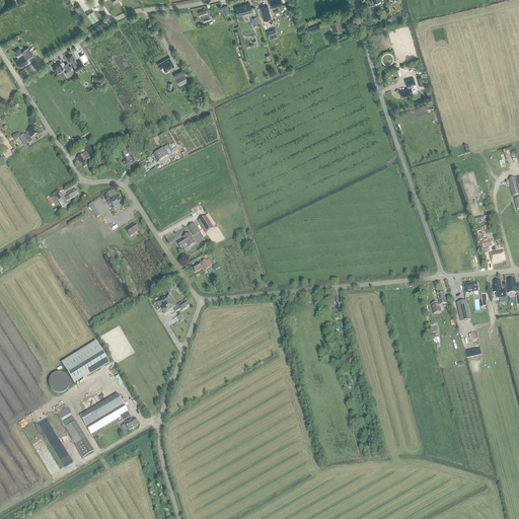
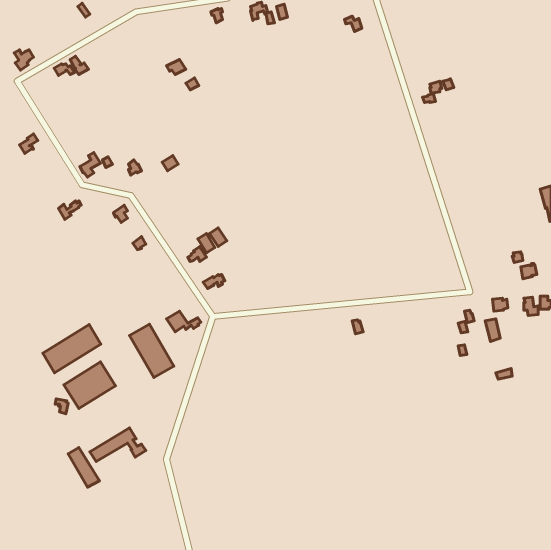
building: none -> [129,324,174,377]
building: none -> [43,325,101,373]

